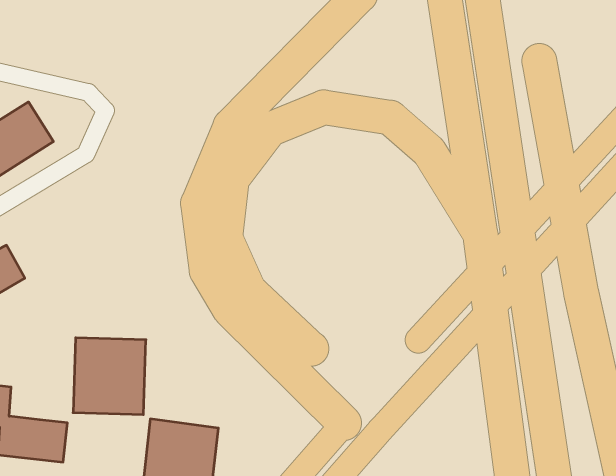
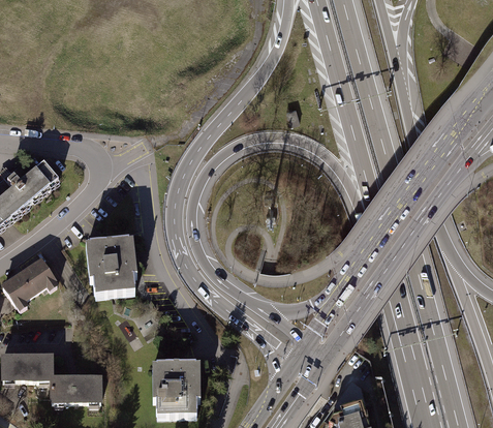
building: [73,338,146,415] -> [86,239,140,296]

